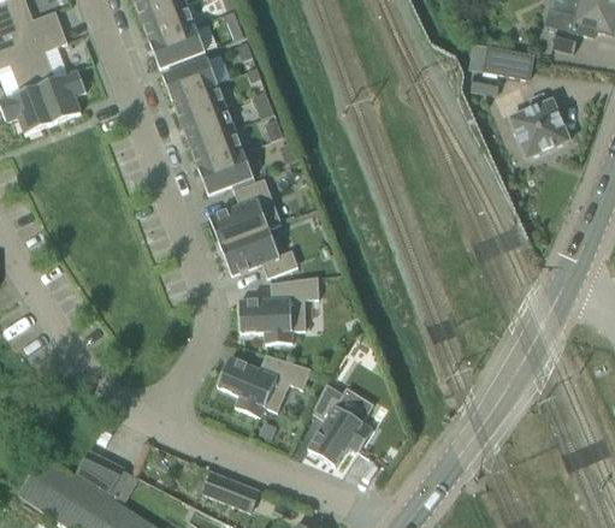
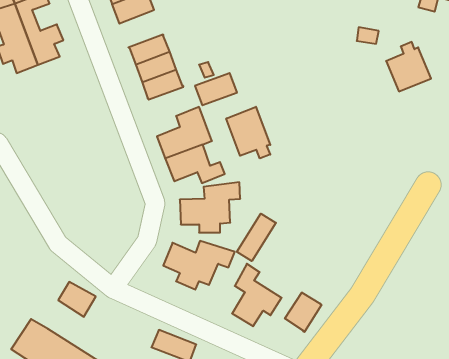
building: [481,47,533,79] -> none
building: [161,58,217,100] -> none
building: [197,152,253,194] -> [195,73,237,105]
building: none -> [226,107,270,158]
building: none -> [237,214,276,261]
building: none -> [285,292,322,332]
building: [75,449,124,494] -> [58,282,96,317]

